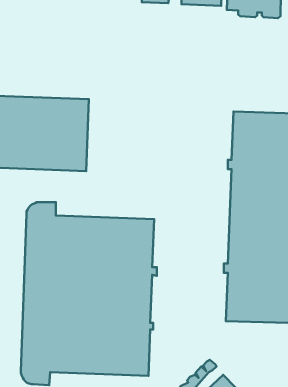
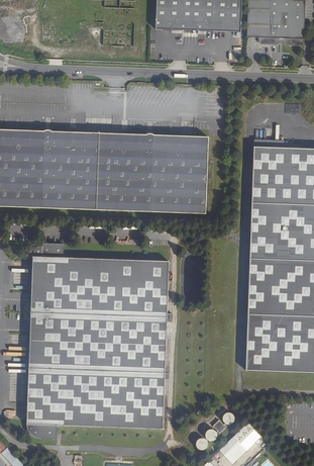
building: none -> [96,132,208,213]

